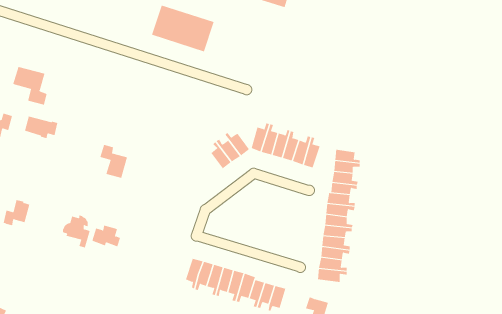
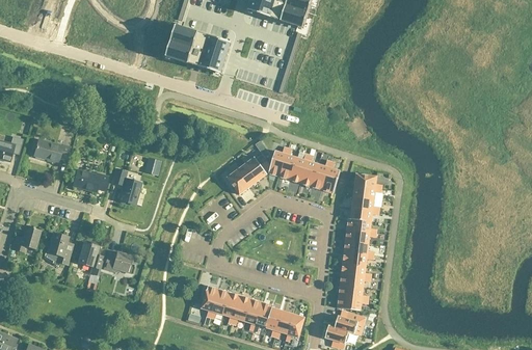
building: [13,66,47,105] -> none
building: none -> [73,169,109,192]
building: none -> [44,233,74,265]
building: none -> [334,312,365,335]

